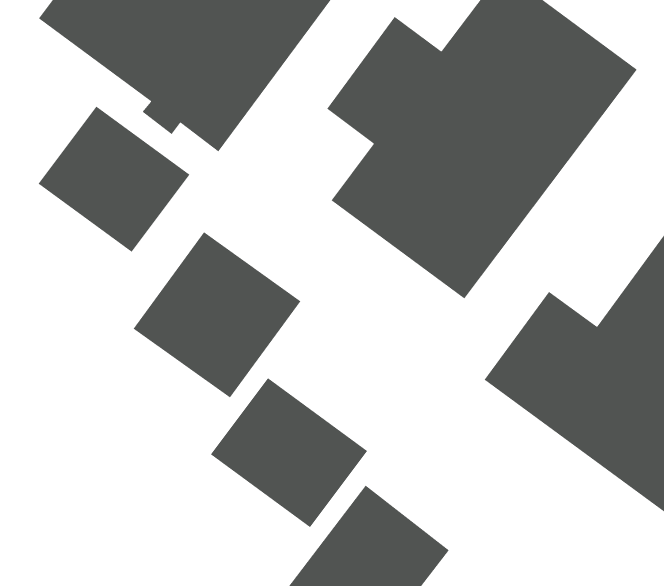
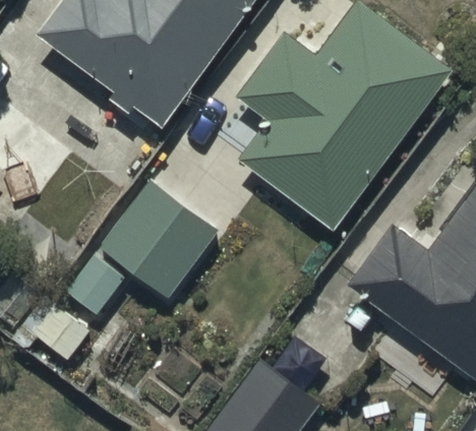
building: [37,106,190,253] -> none
building: [210,377,368,528] -> none

